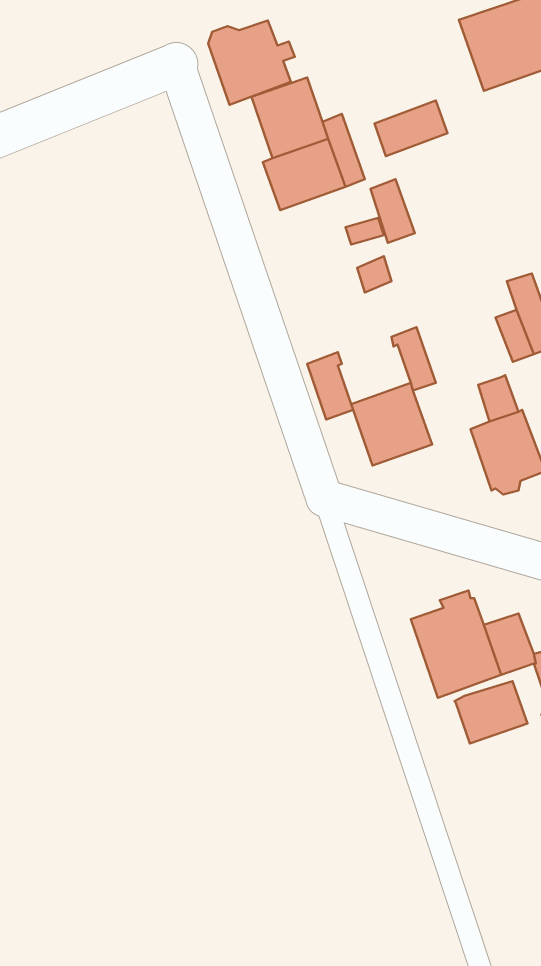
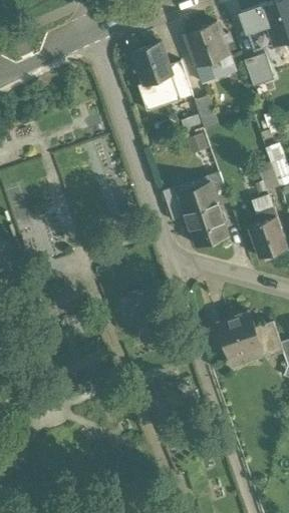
building: [208,20,295,105] -> [187,21,232,65]
building: none -> [246,52,275,85]
building: none -> [179,180,217,211]
building: [455,681,528,743] -> none

